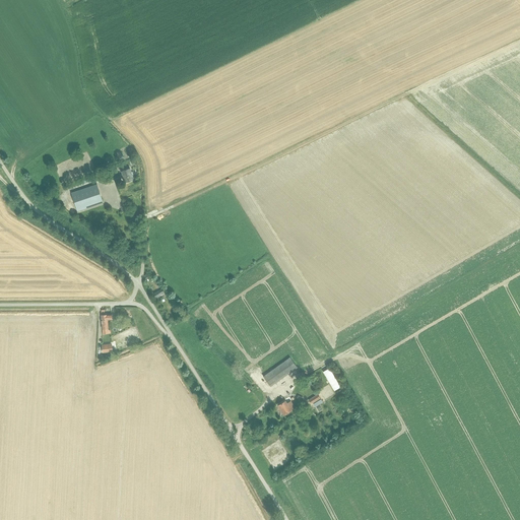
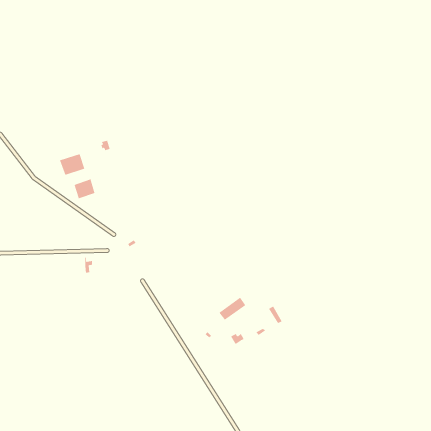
building: none -> [74,179,95,199]

